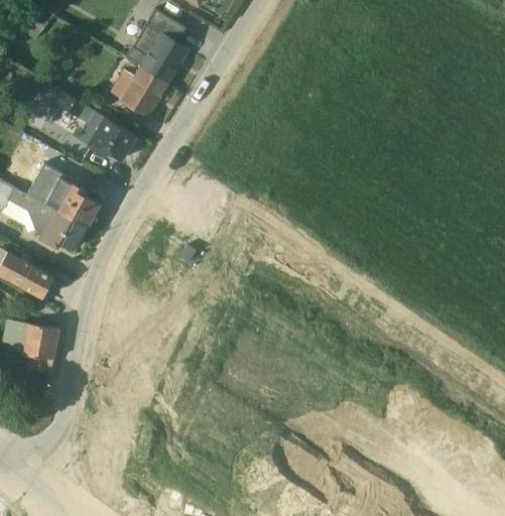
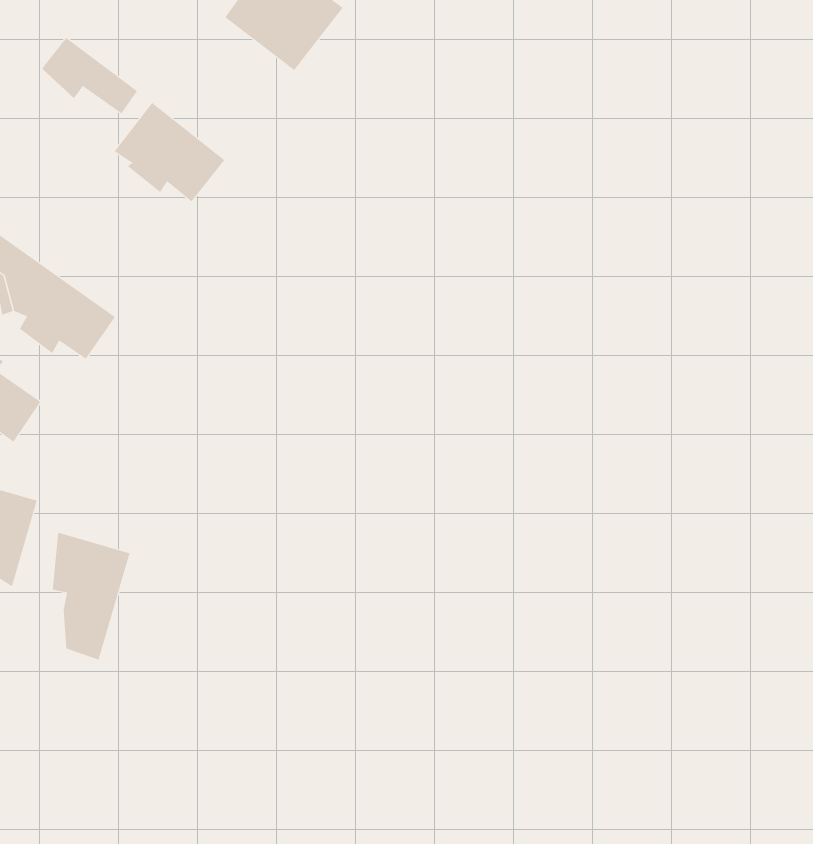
building: [110,60,167,118] -> none
building: [27,163,100,226] -> none
building: none -> [52,532,130,660]

